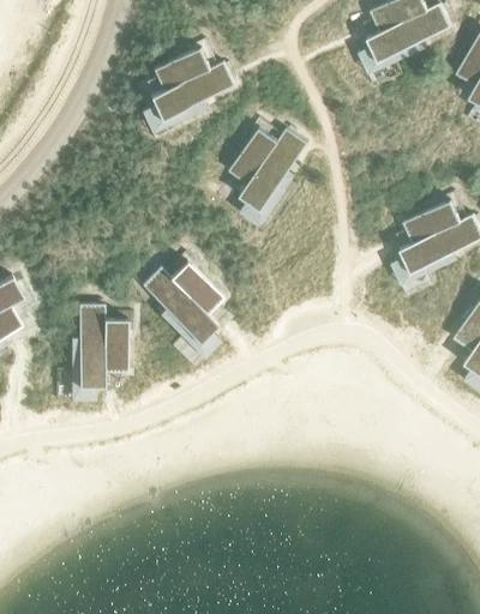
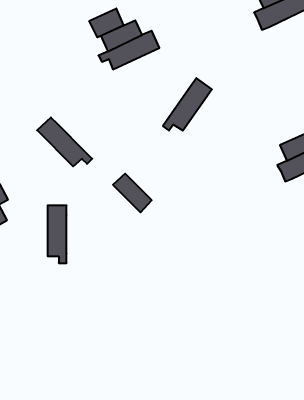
building: none -> [89,8,124,37]
building: [228,127,277,185] -> none
building: [140,269,217,337] -> [37,117,92,166]
building: [104,320,127,374] -> none

